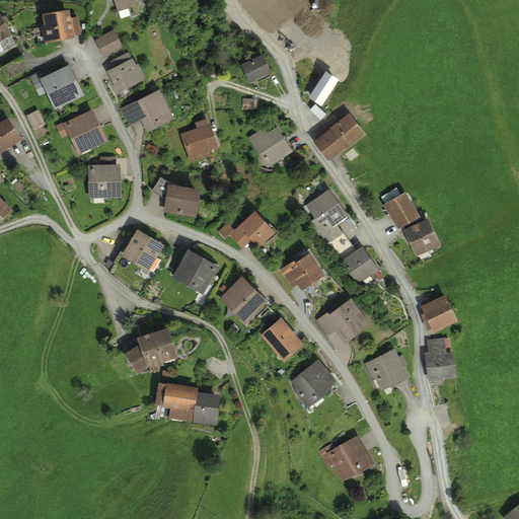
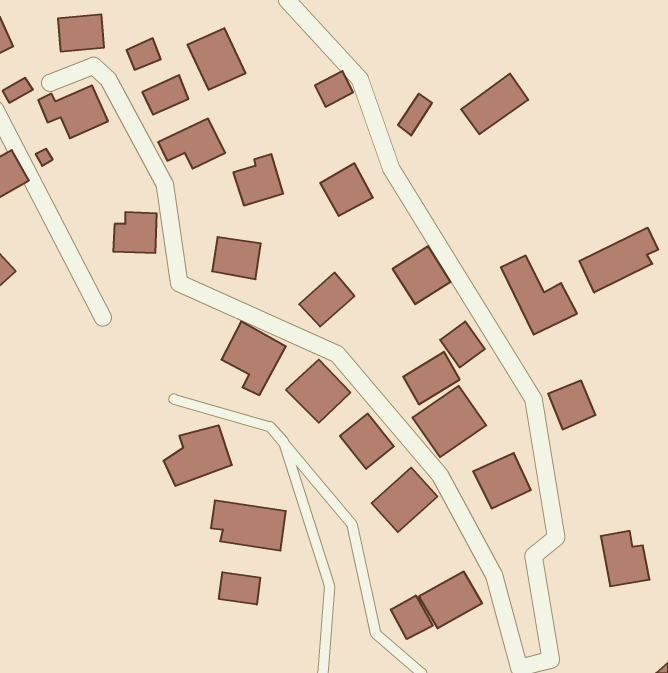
building: none -> [188,28,245,90]
building: [54,107,106,150] -> none
building: [315,115,367,161] -> [461,74,528,134]
building: none -> [579,228,658,293]
building: [120,227,164,272] -> none
building: [281,251,324,292] -> [403,352,460,404]
building: [424,340,461,382] -> [601,531,650,586]
building: none -> [219,572,260,605]
building: none -> [391,595,433,639]

